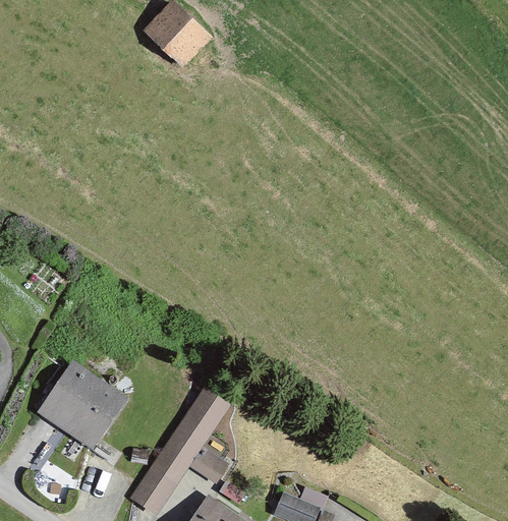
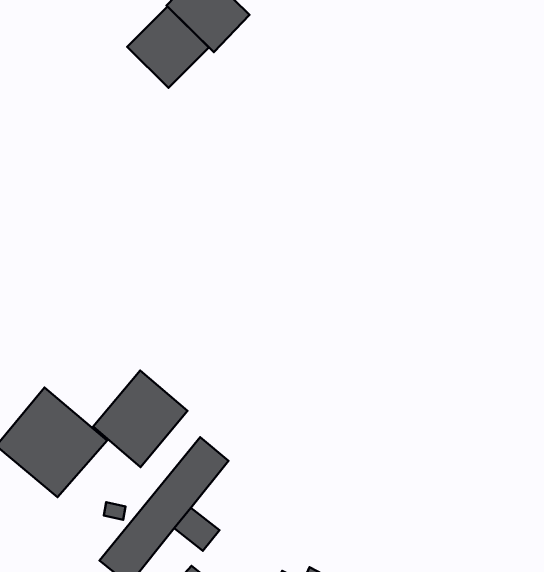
building: none -> [127,7,209,88]
building: none -> [93,370,187,467]

